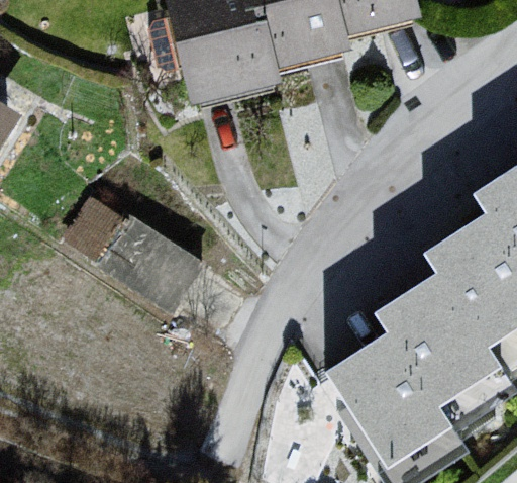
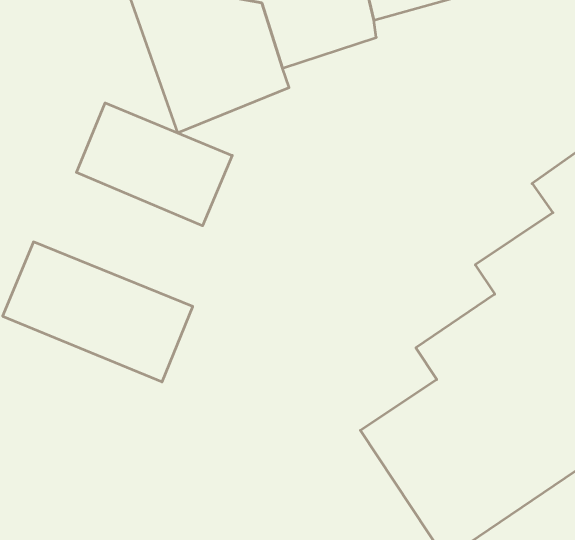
building: none -> [76,103,232,226]

